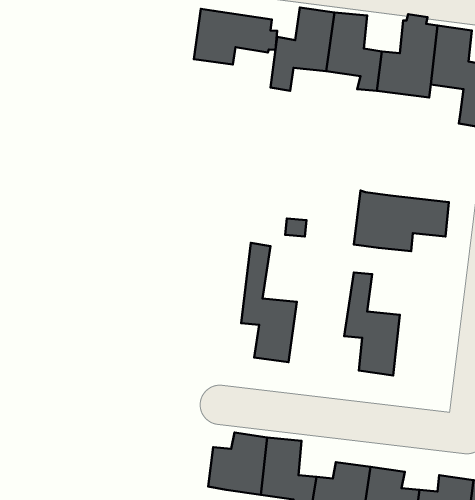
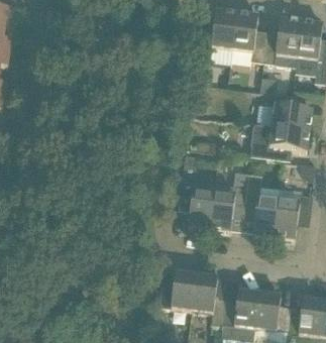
building: [194,9,277,64] -> none
building: none -> [266,91,311,128]
building: none -> [209,170,249,229]
building: none -> [274,186,312,238]

